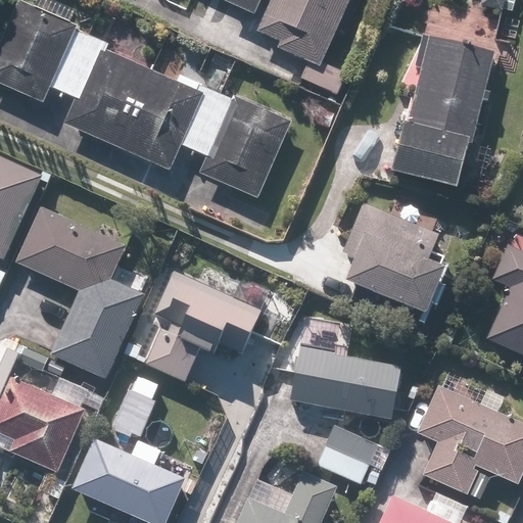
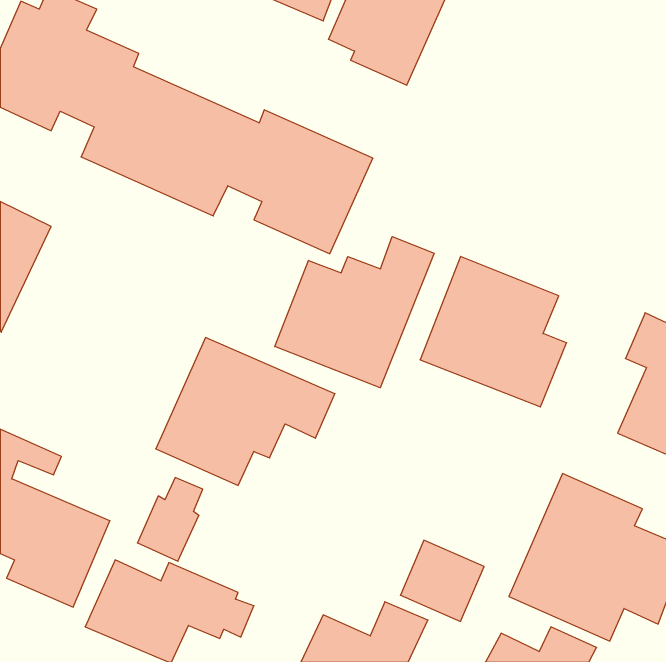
building: [390,39,492,192] -> none
building: none -> [275,237,434,388]
building: [15,204,146,378] -> none
building: [289,347,401,421] -> none

